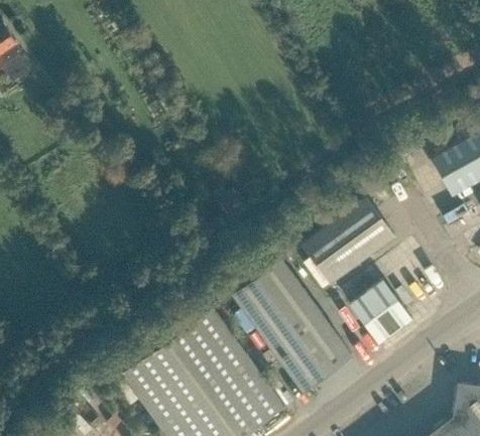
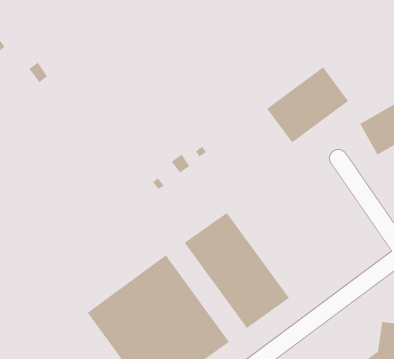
building: [301,197,395,285] -> [266,66,349,143]
building: [350,280,412,344] -> none

